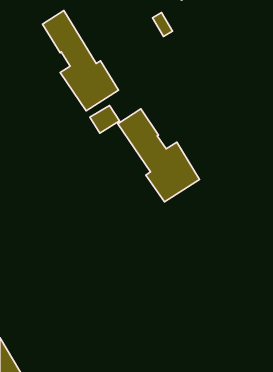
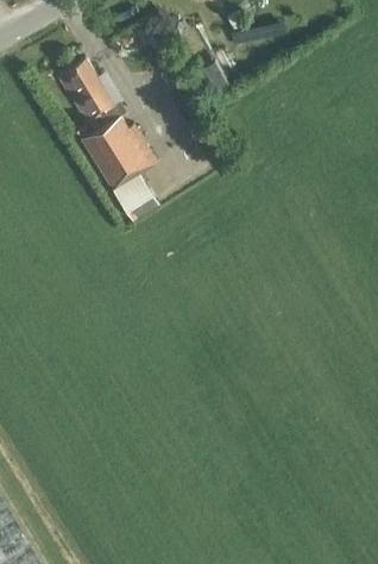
building: [118,109,200,202] -> none

